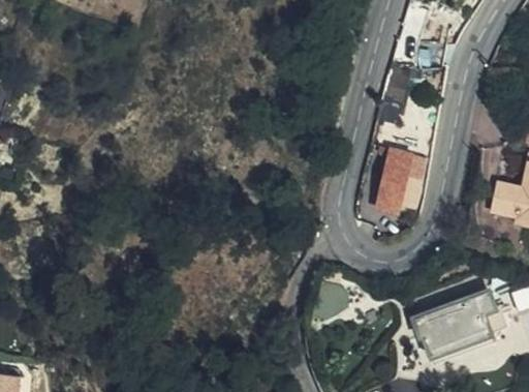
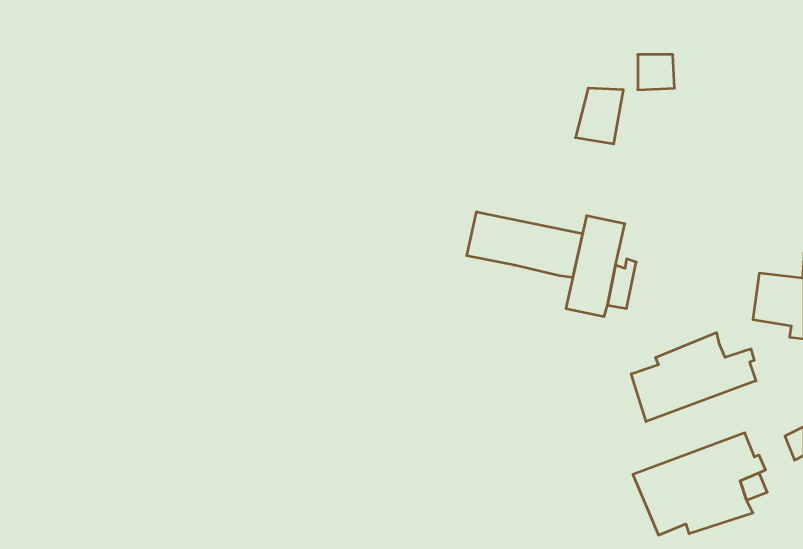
building: none -> [467,212,582,278]
building: none -> [631,333,756,422]

